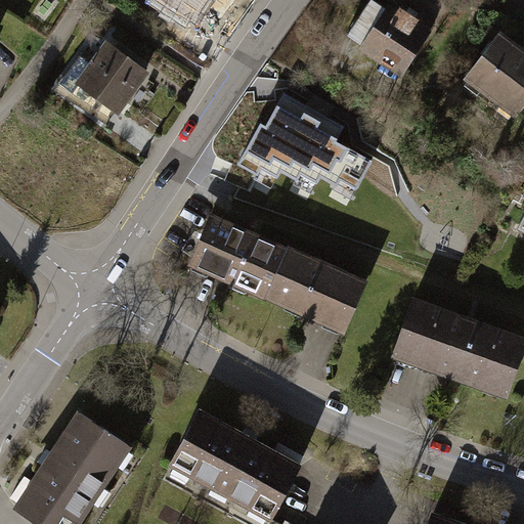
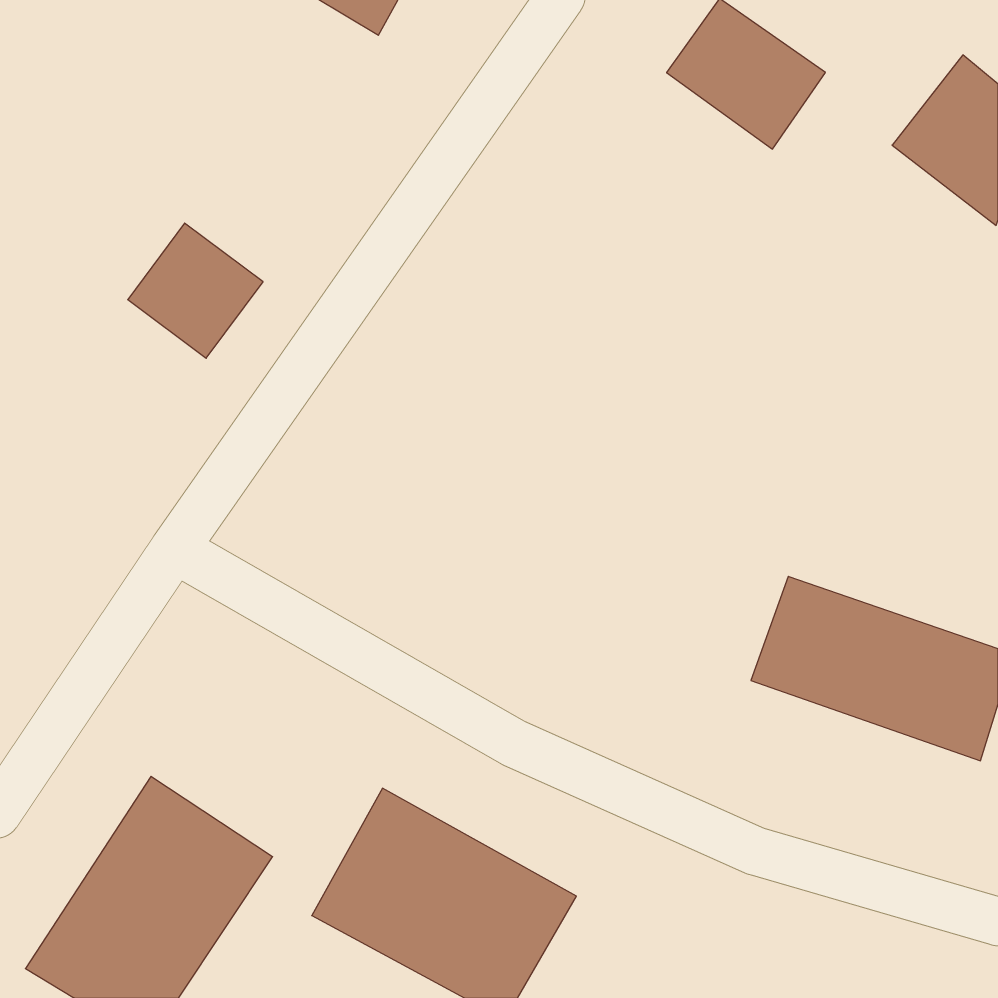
building: [77,45,147,116] -> [128,223,263,358]
building: [236,91,370,185] -> none
building: [185,213,365,338] -> none

